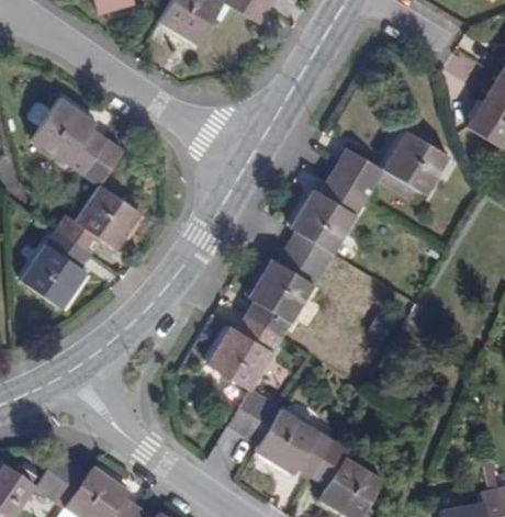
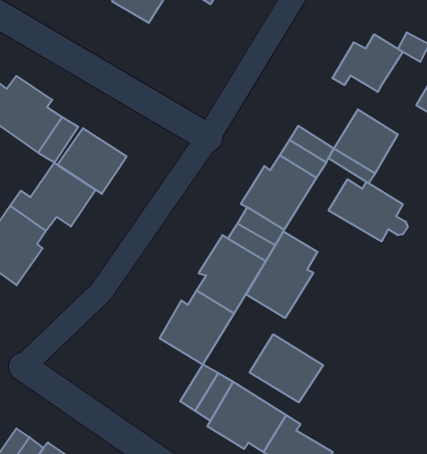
building: none -> [332,34,403,92]
building: none -> [58,128,127,194]
building: none -> [329,179,408,241]
building: none -> [246,231,318,318]
building: none -> [250,334,323,402]

